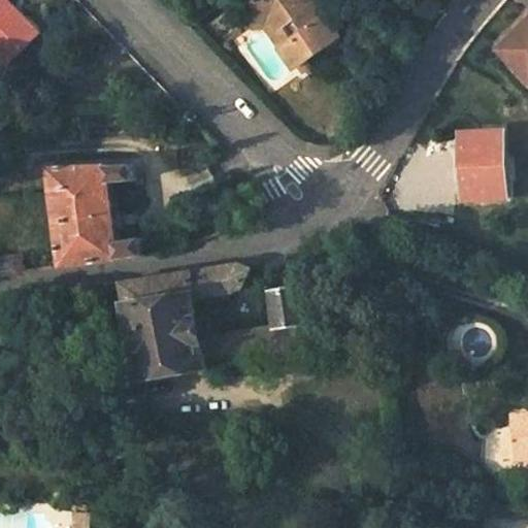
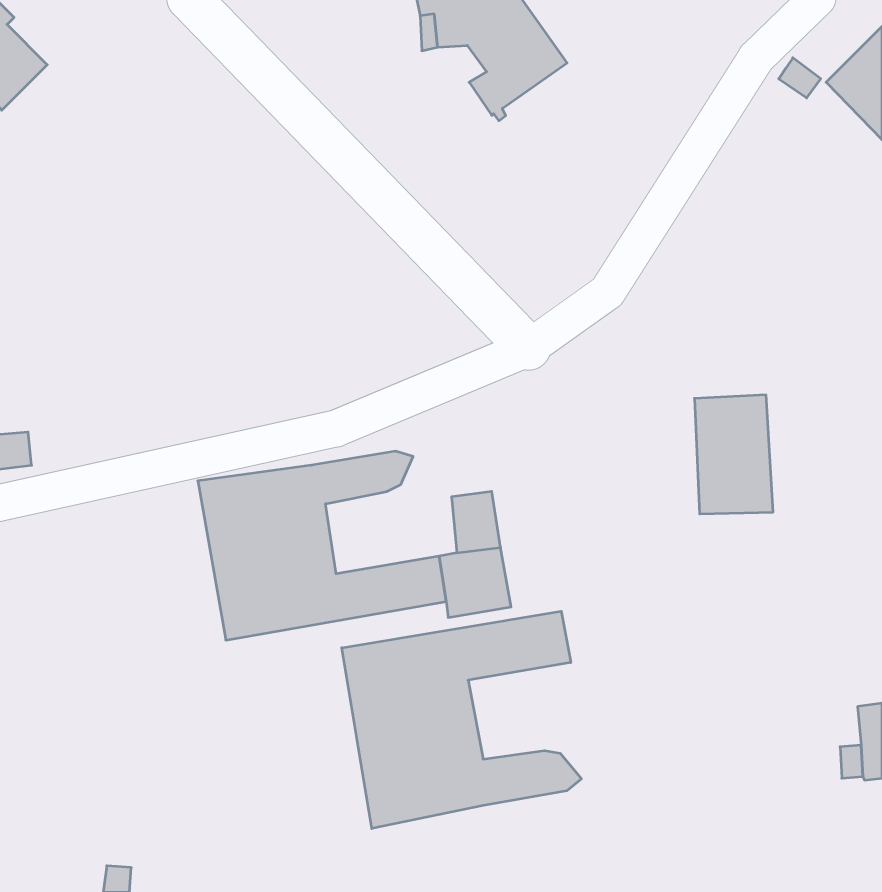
building: [455,129,501,199] -> [694,395,773,514]
building: [46,166,138,267] -> none
building: none -> [342,611,581,829]

